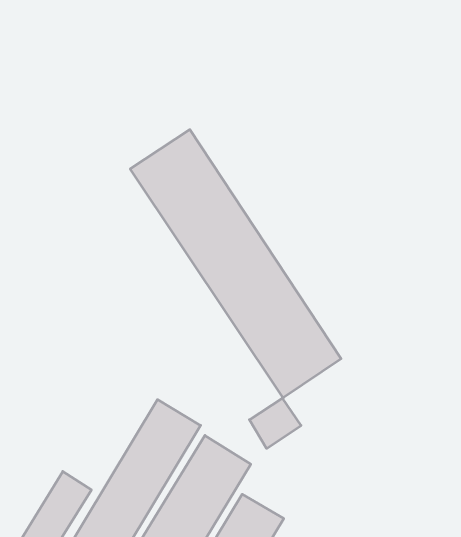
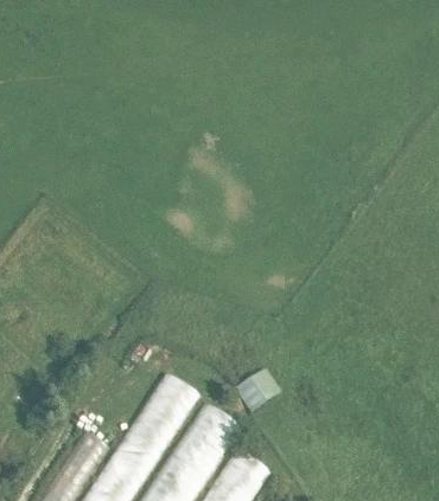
building: [130,130,341,398] -> none

